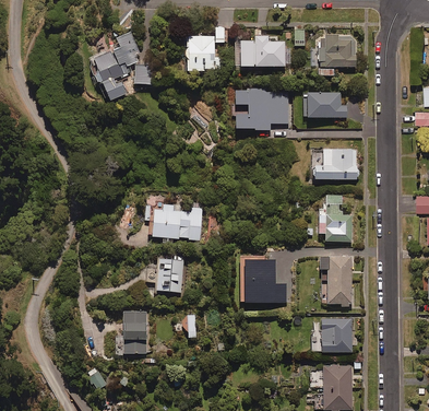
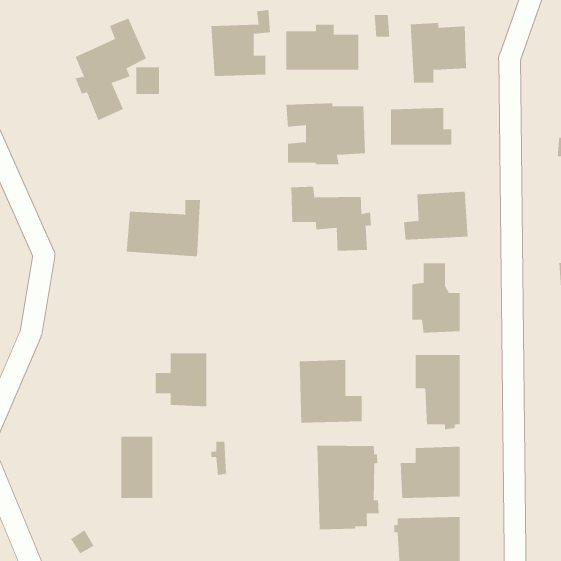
building: none -> [291,186,372,252]
building: [152,201,202,239] -> [126,200,201,257]
building: none -> [317,445,379,530]

